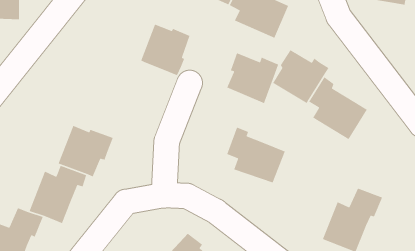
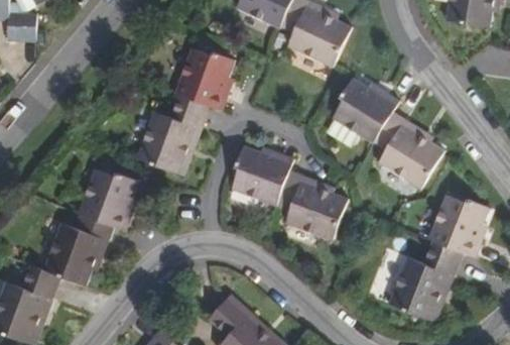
building: [226,52,279,104] -> [231,144,293,206]
building: none -> [138,94,210,172]
building: none -> [427,194,488,258]

